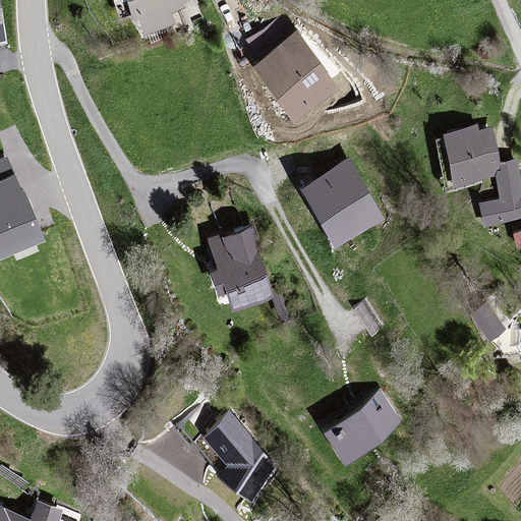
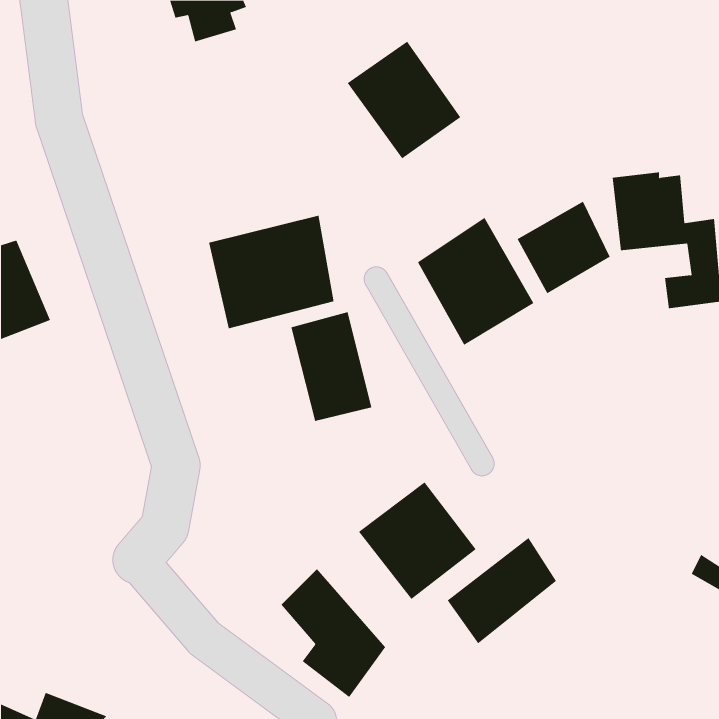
building: none -> [517,201,611,294]
building: none -> [209,215,334,329]
building: none -> [358,482,477,600]

